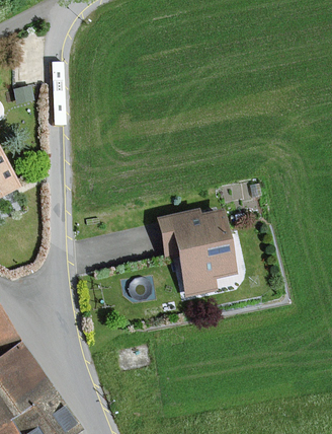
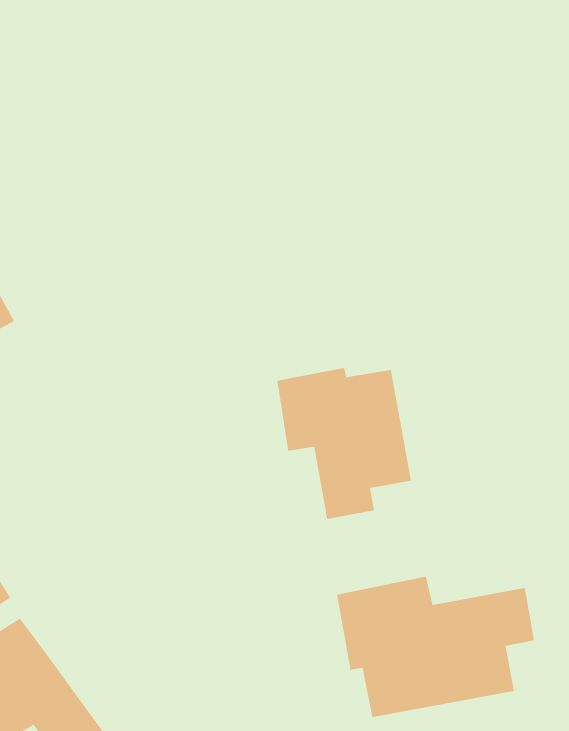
building: none -> [337,576,534,718]

